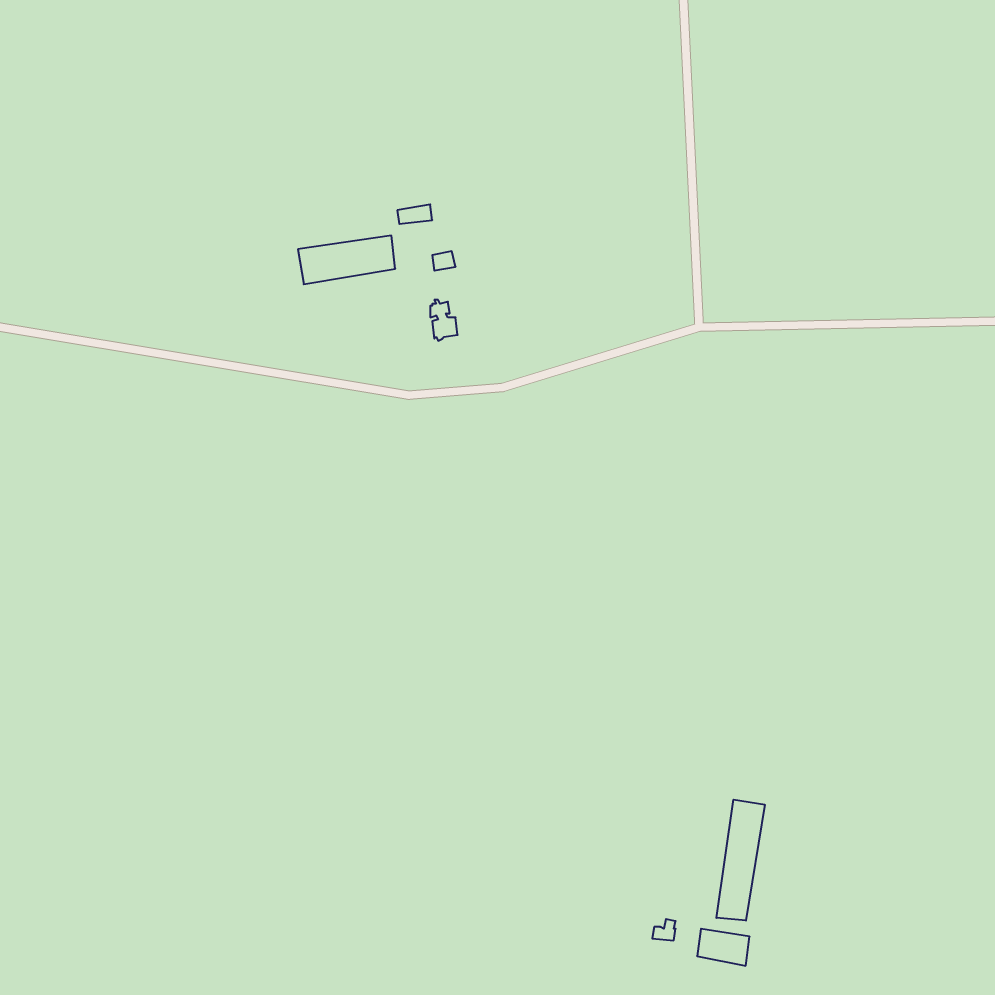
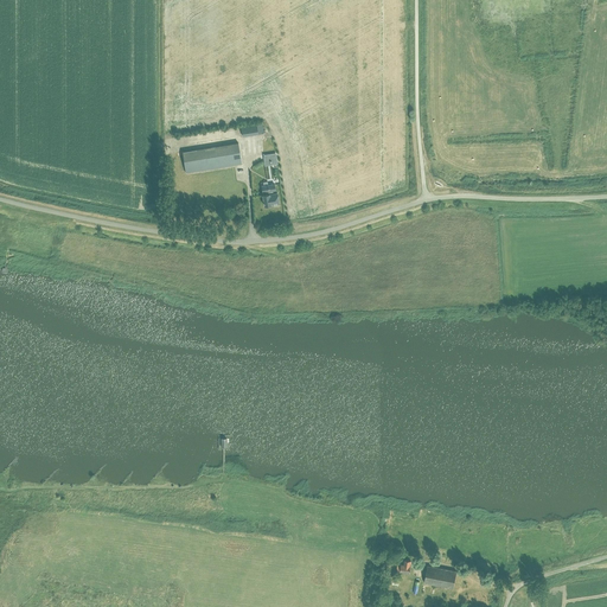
building: [716,800,765,921] -> none

